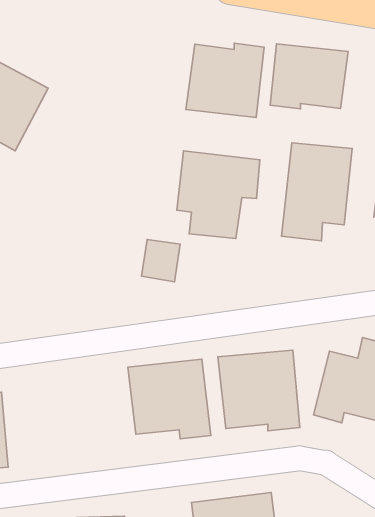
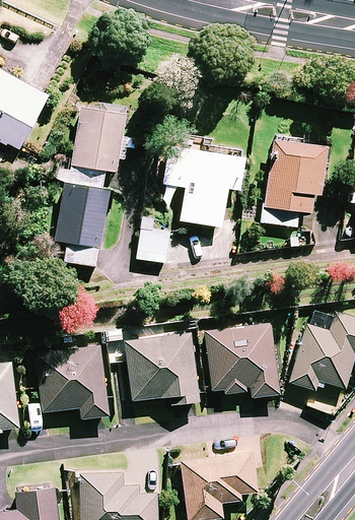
building: [186,43,264,118] -> none
building: [270,44,348,109] -> none
building: none -> [58,100,139,267]
building: none -> [36,346,109,419]

